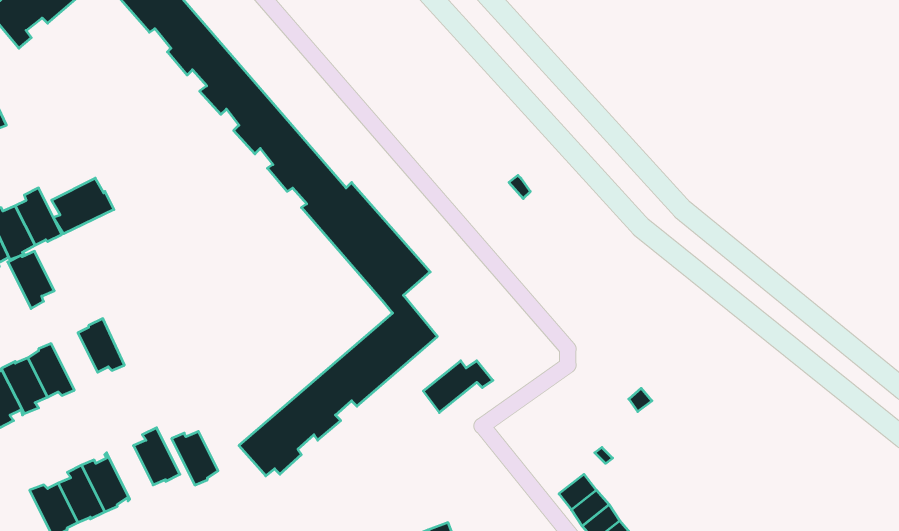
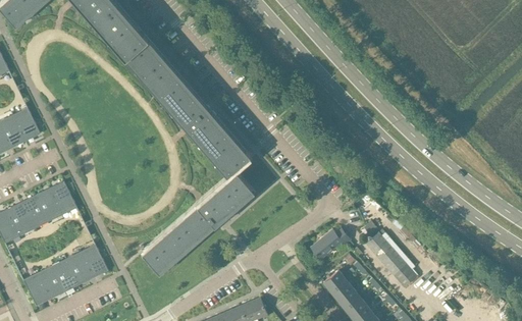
building: [52,178,114,234] -> none
building: [8,251,54,309] -> [35,191,61,223]
building: [423,361,493,413] -> [311,230,351,260]
building: none -> [366,232,416,287]
building: [172,431,218,485] -> [66,255,93,285]

